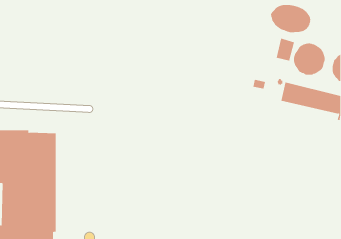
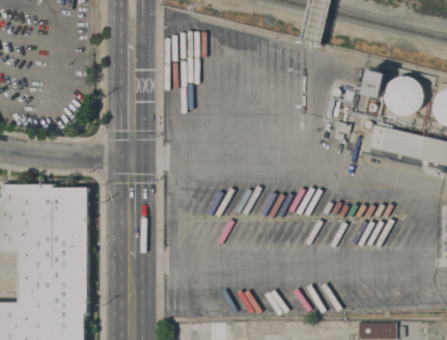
building: [271,4,311,33] -> none

